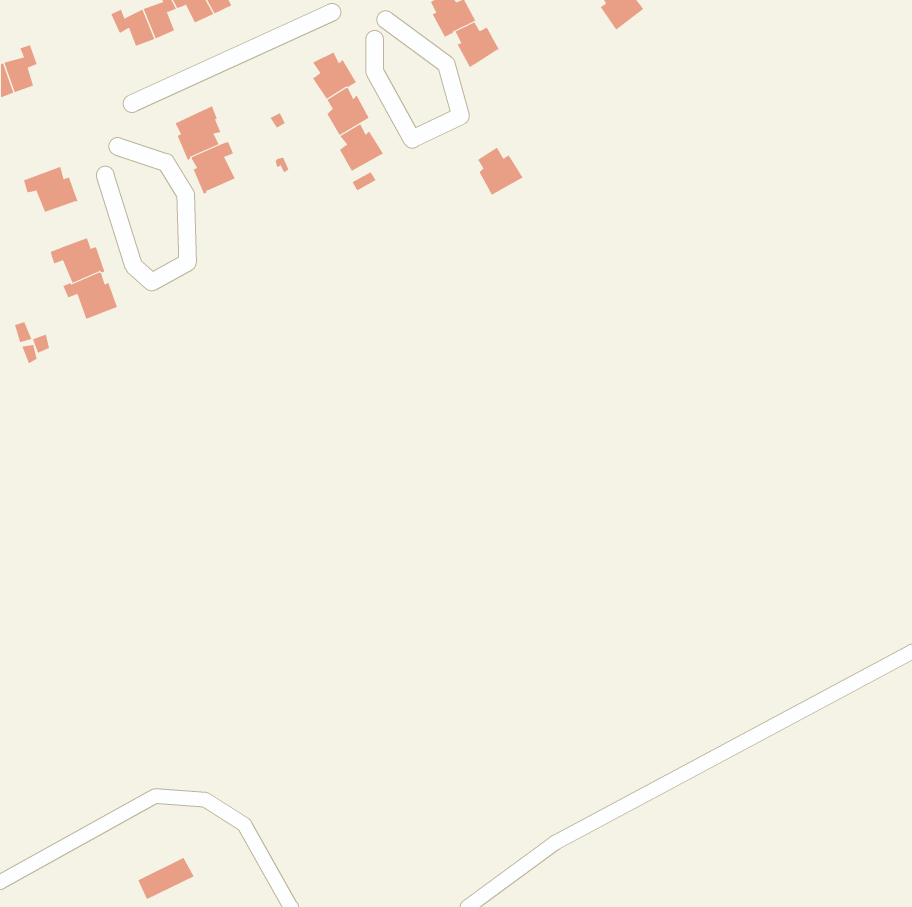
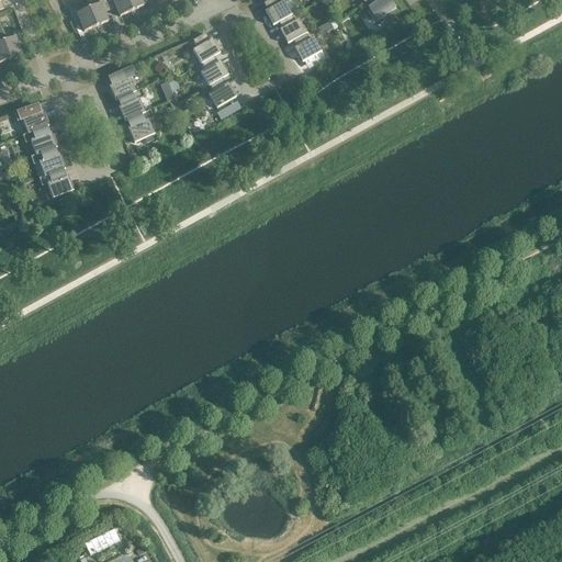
building: [477,147,524,195] -> [294,31,323,60]
building: none -> [127,108,154,140]
building: none -> [22,124,56,153]

